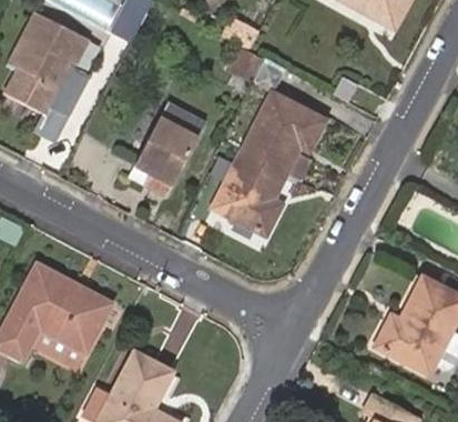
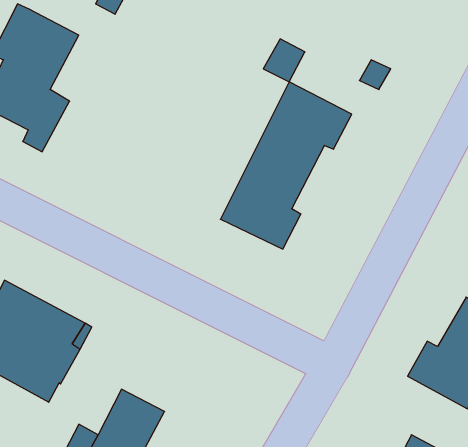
building: [129,103,206,197] -> none

